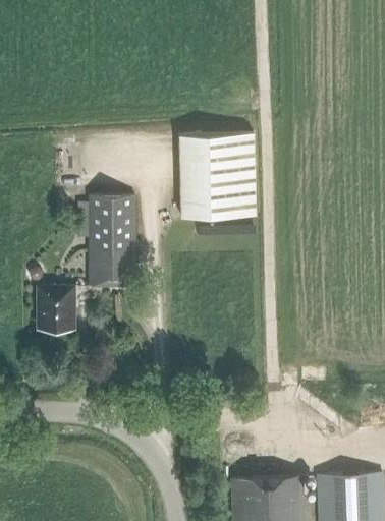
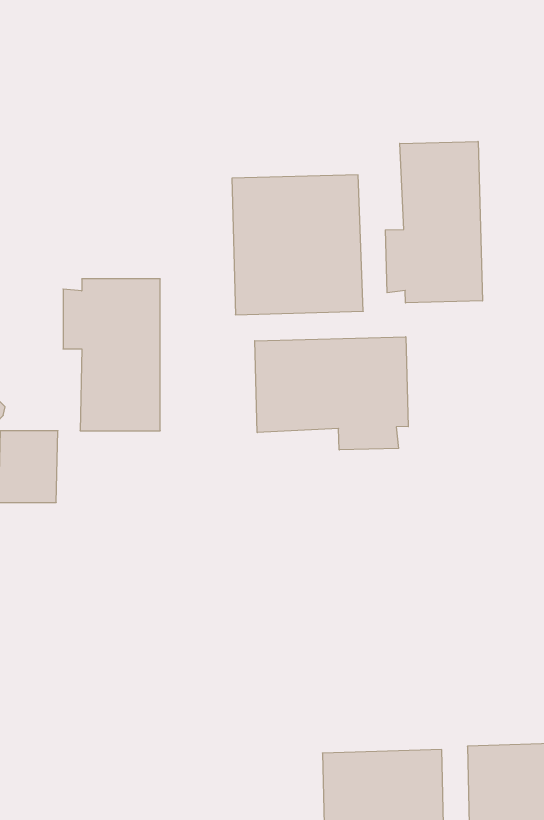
building: none -> [385,141,482,303]
building: none -> [255,337,408,450]

